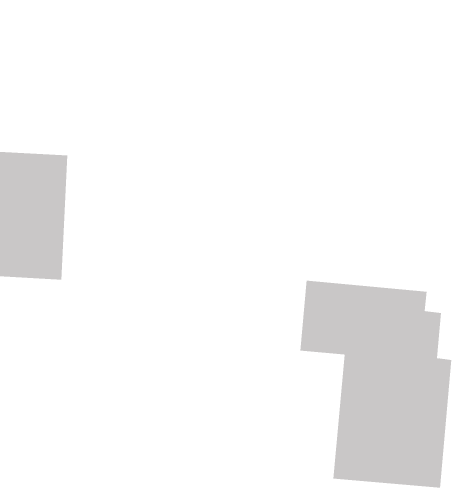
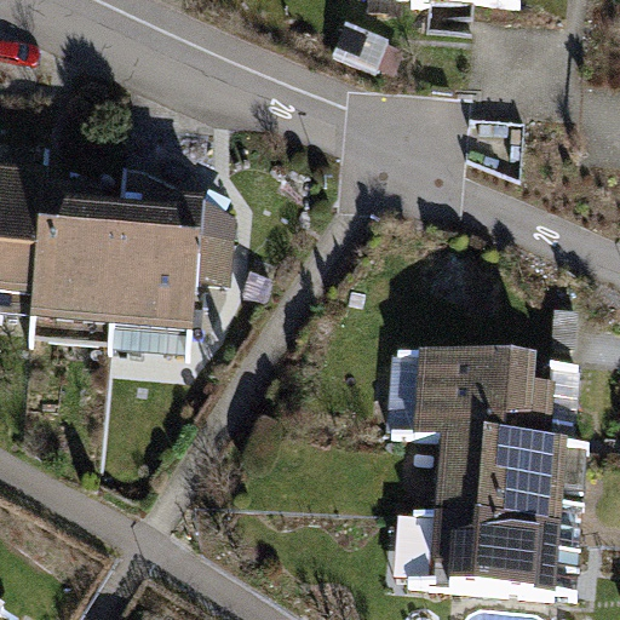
building: none -> [109,193,203,345]

